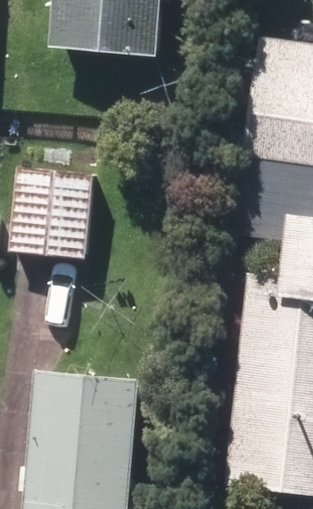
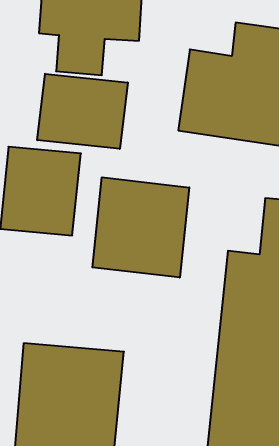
building: none -> [37,74,128,149]
building: none -> [92,177,189,278]

